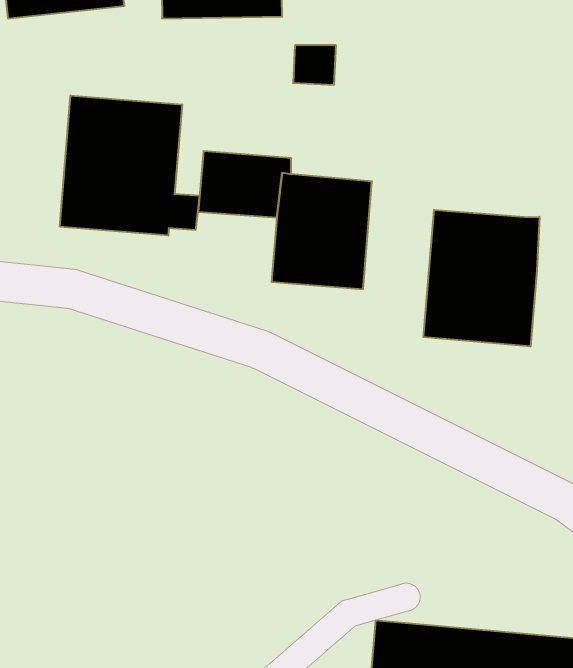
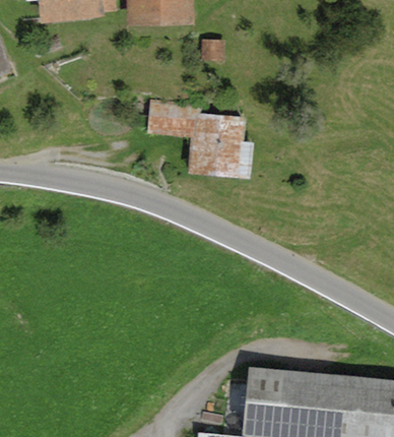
building: [60,95,199,236] -> none
building: [423,210,539,347] -> none

